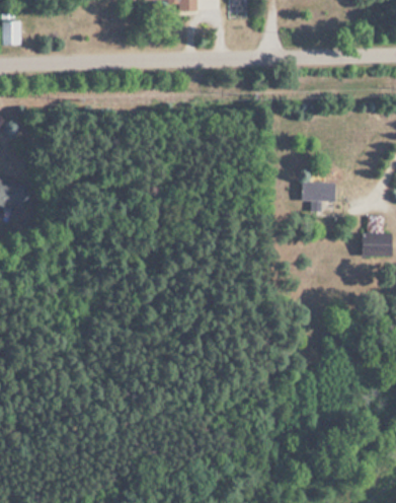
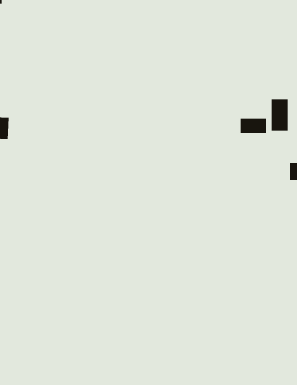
building: none -> [271,98,288,132]

